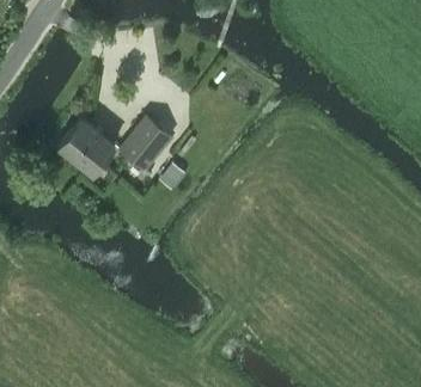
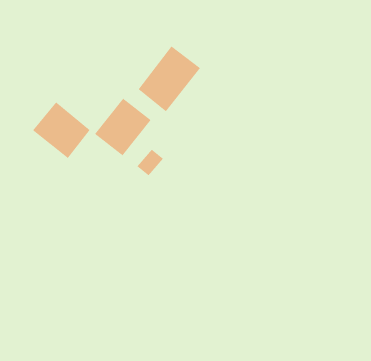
building: none -> [138,46,201,112]

